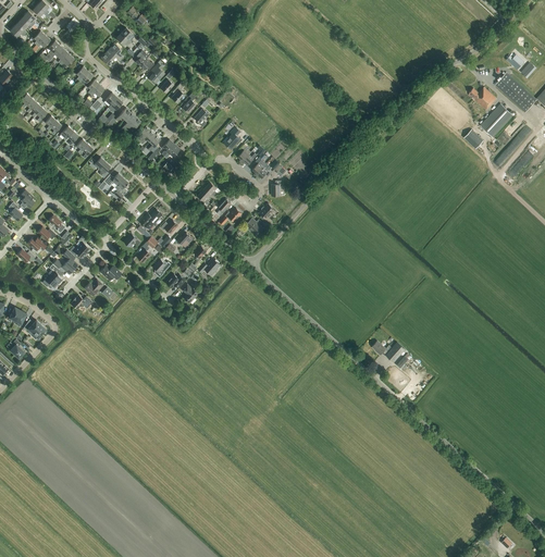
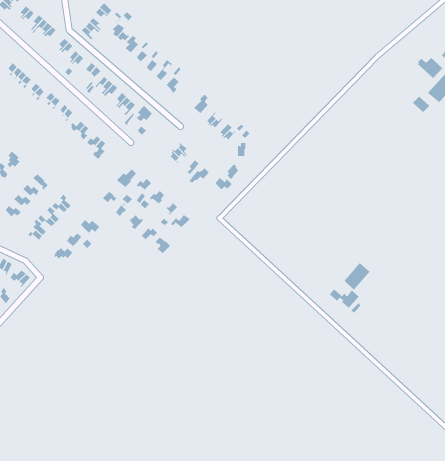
building: none -> [344,262,371,290]

